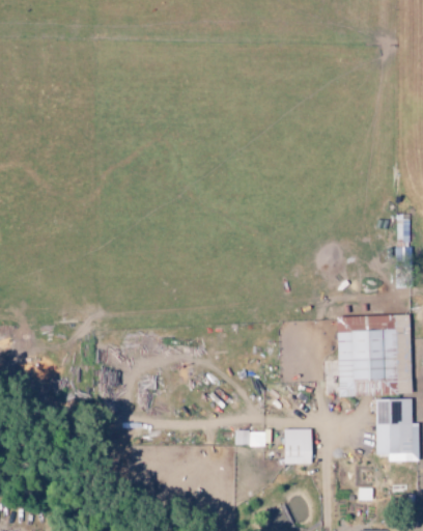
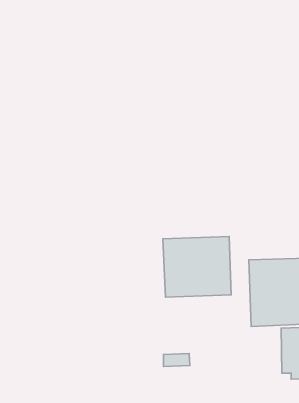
building: none -> [163,236,231,297]
building: [284,428,312,465] -> none

